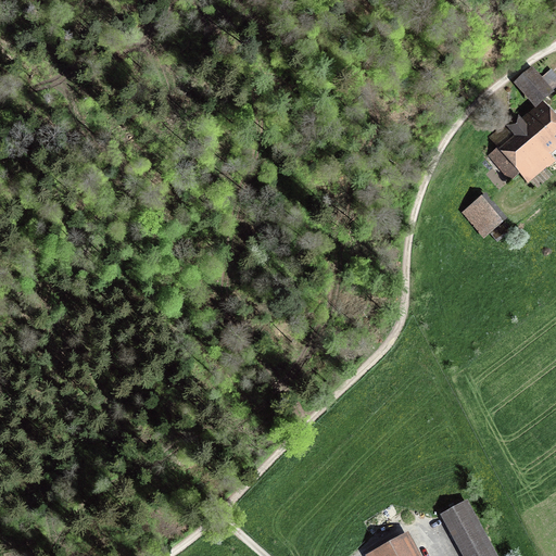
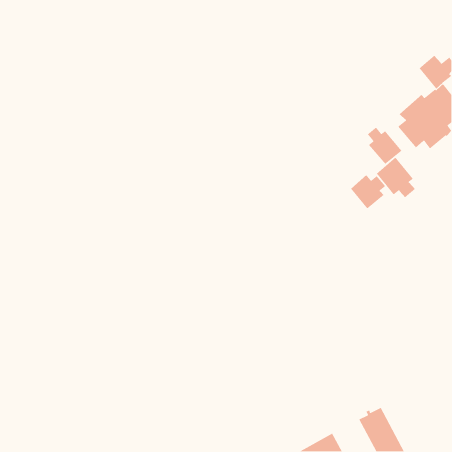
building: none -> [367,126,403,165]
building: none -> [350,174,386,210]

